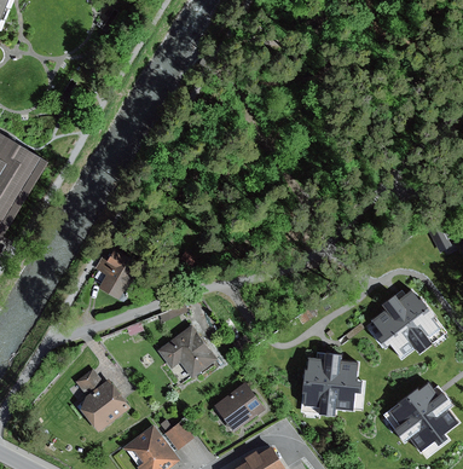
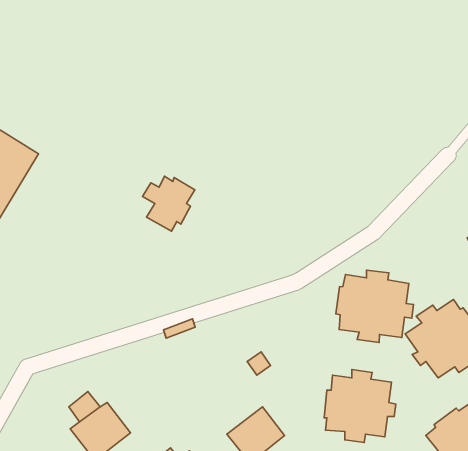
building: [93,250,139,299] -> [143,176,195,231]
building: none -> [336,270,414,342]
building: [156,325,215,378] -> none

